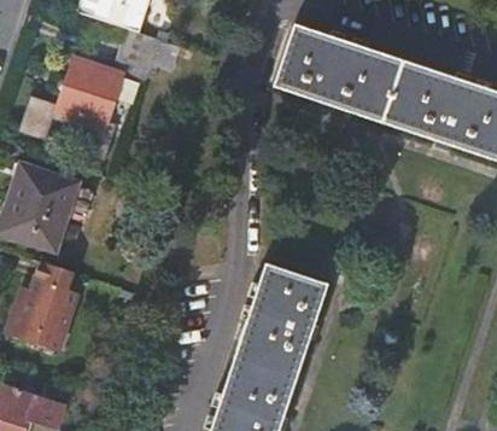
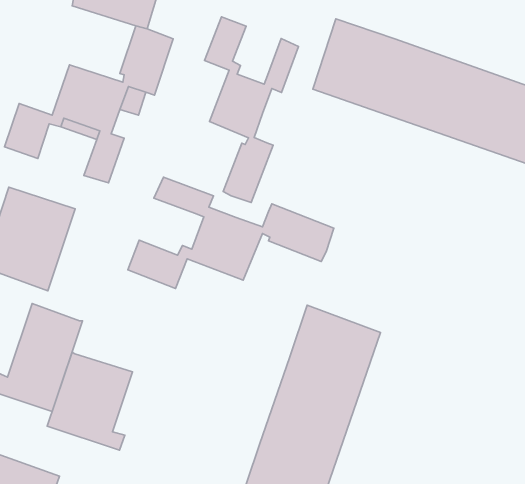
building: none -> [205,17,298,202]
building: none -> [128,177,334,288]
building: none -> [47,352,132,450]

